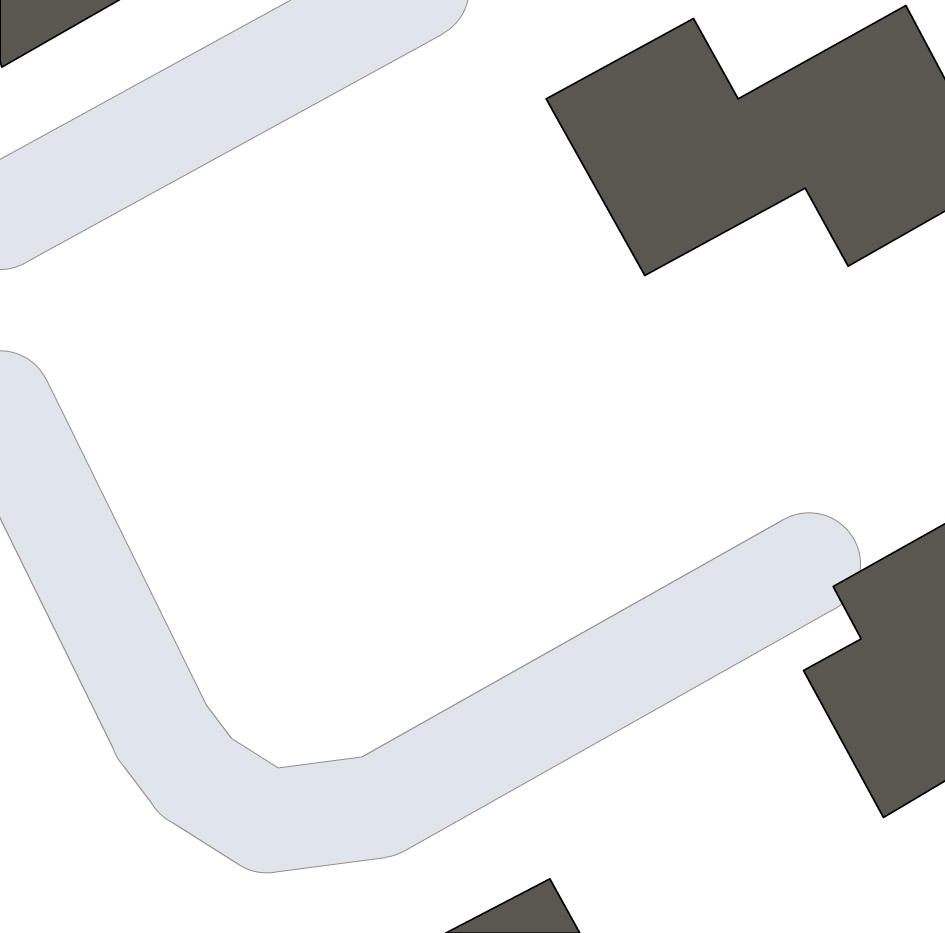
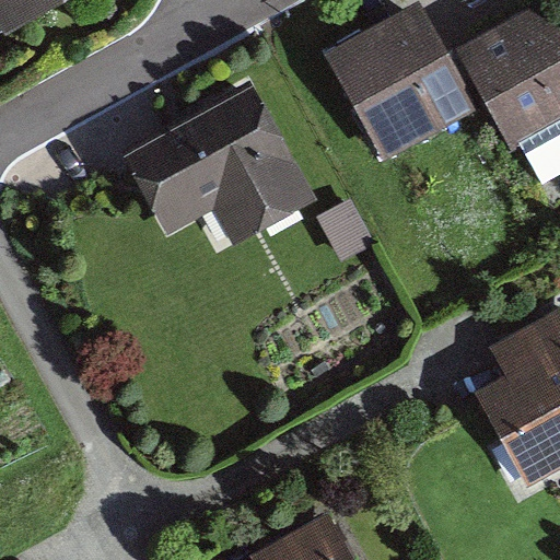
building: none -> [122,82,322,246]

